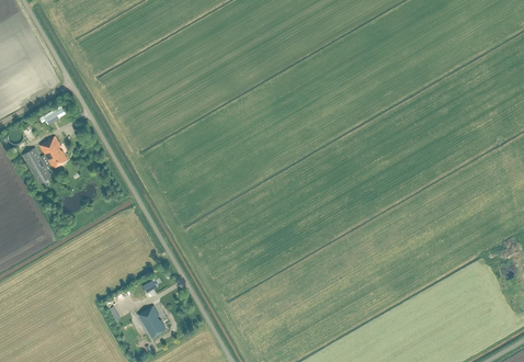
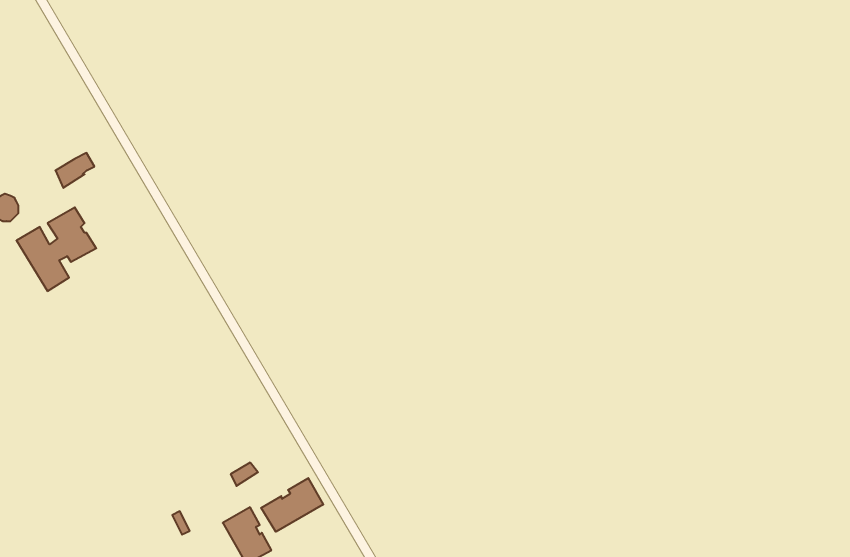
building: none -> [261,478,323,532]

